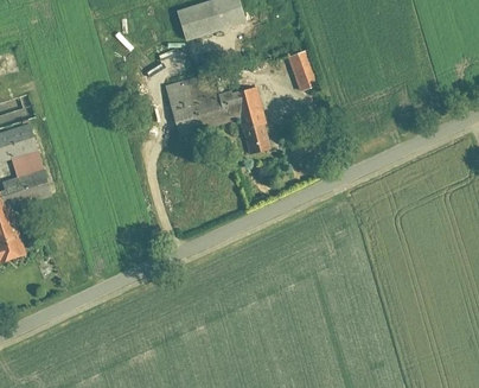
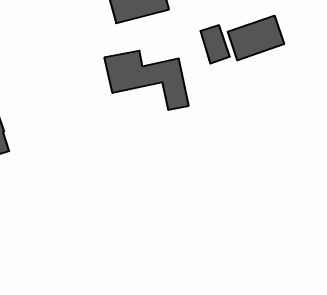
building: none -> [228,16,284,60]

